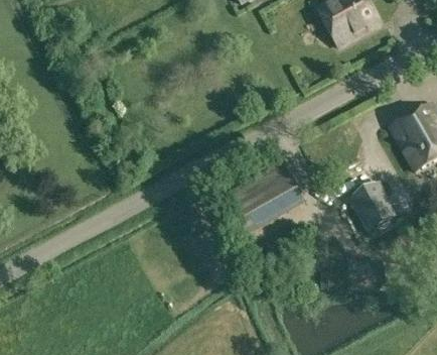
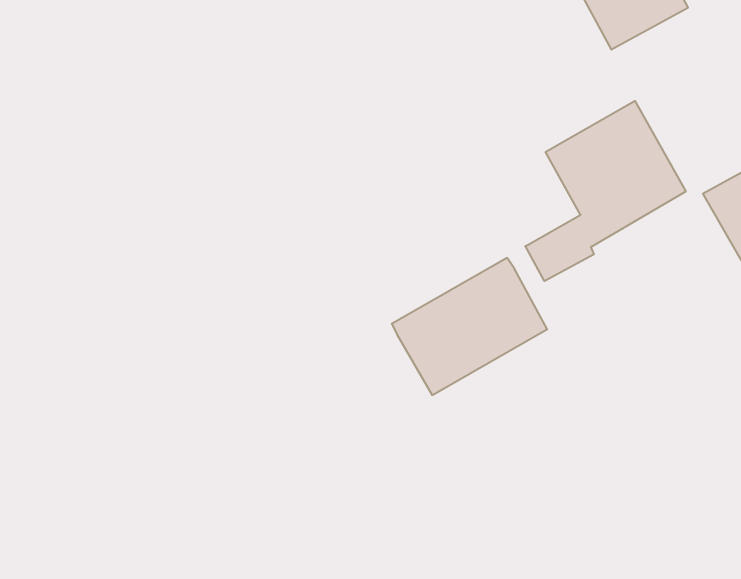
building: none -> [525,101,686,281]
building: [346,179,398,232] -> none

